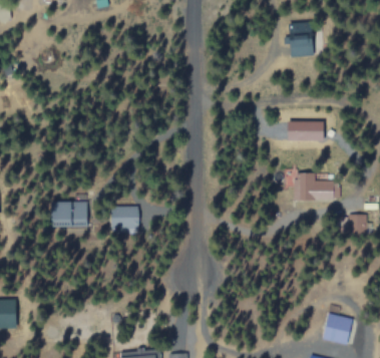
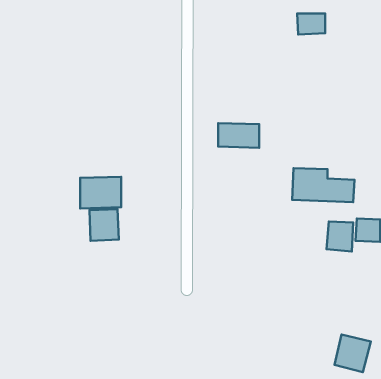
building: [288,120,323,141] -> [218,123,259,148]
building: [52,201,87,228] -> [80,177,121,208]
building: none -> [326,222,353,251]

